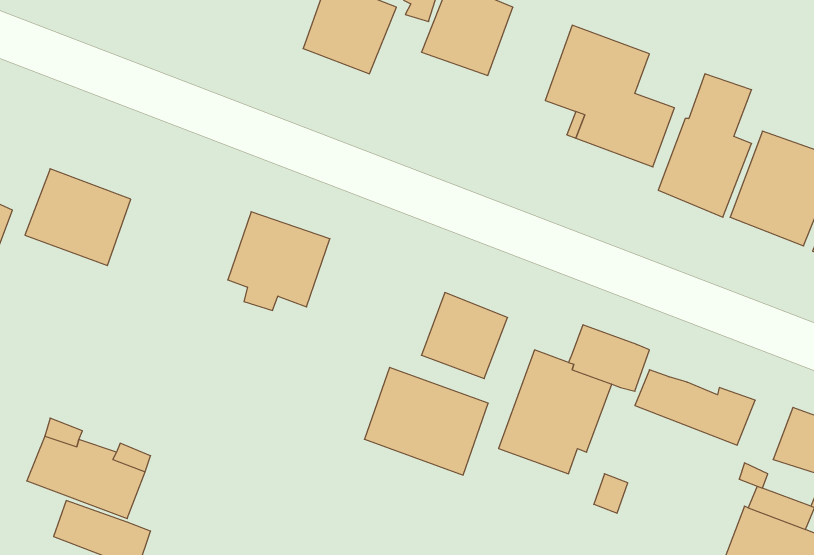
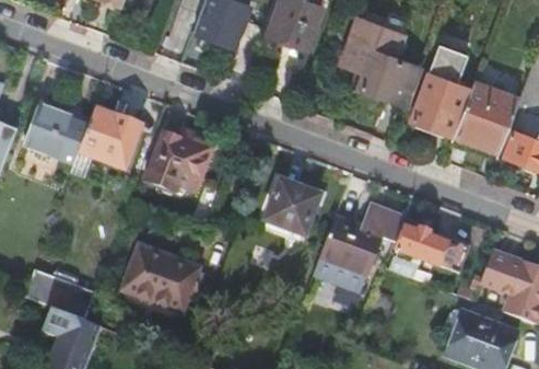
building: none -> [71,108,140,174]
building: [364,367,488,475] -> [124,245,199,311]

